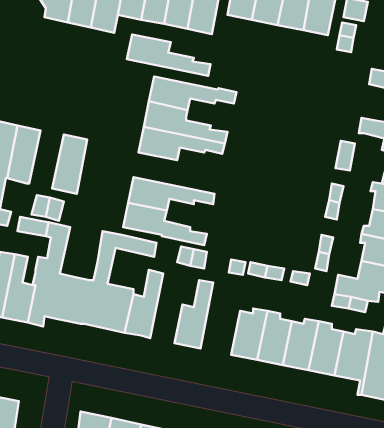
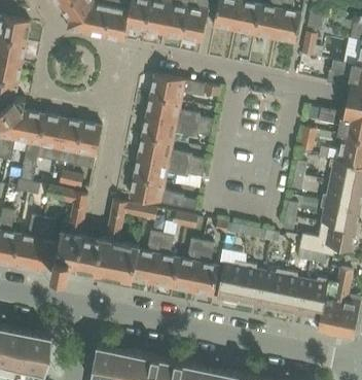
building: [127,35,211,76] -> [139,136,206,169]
building: none -> [56,118,83,165]
building: none -> [152,233,178,288]
building: none -> [192,240,219,297]

